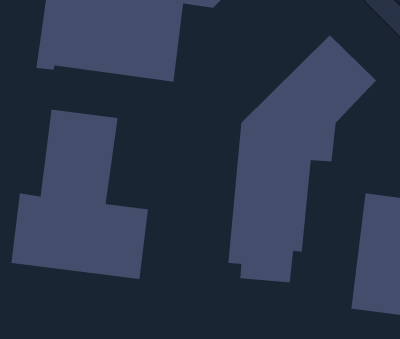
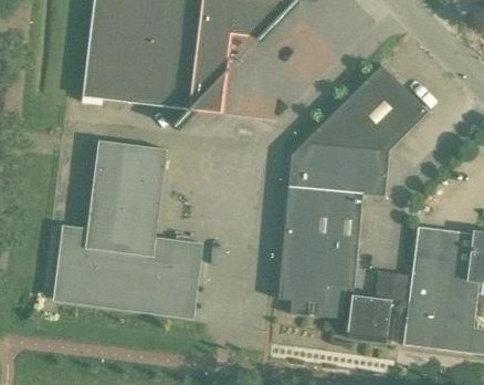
building: none -> [347,271,393,343]

